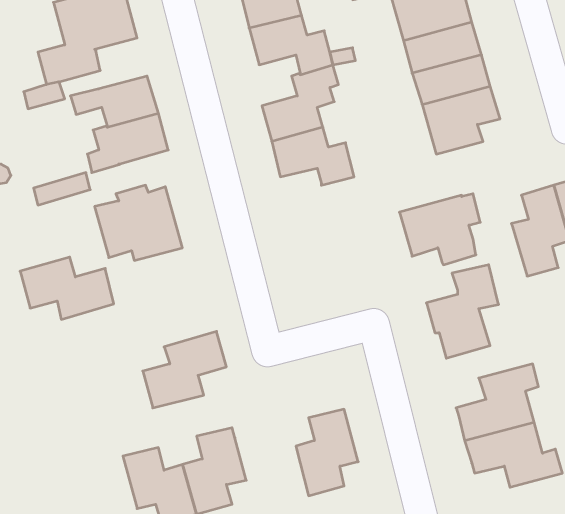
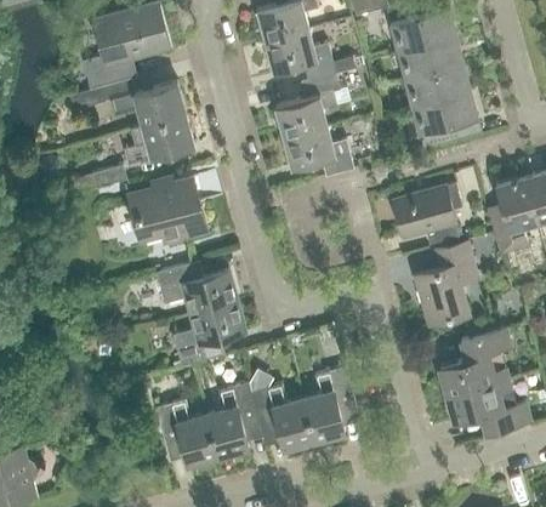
building: [20,257,114,319] -> [155,261,235,314]
building: none -> [251,384,314,449]

